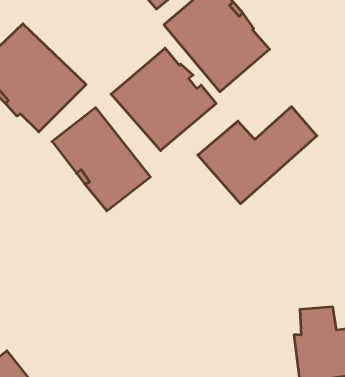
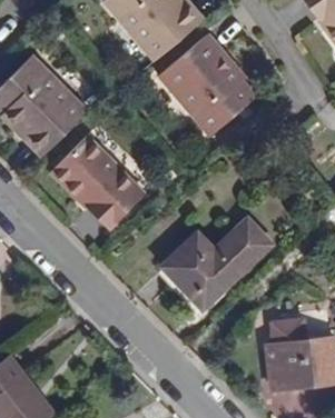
building: [111,48,216,151] -> none
building: [198,107,317,204] -> [164,217,273,306]

